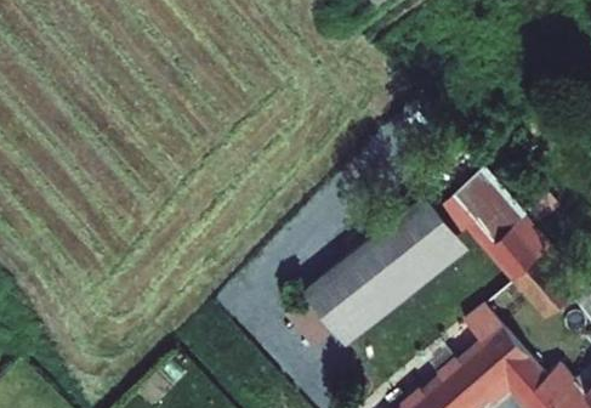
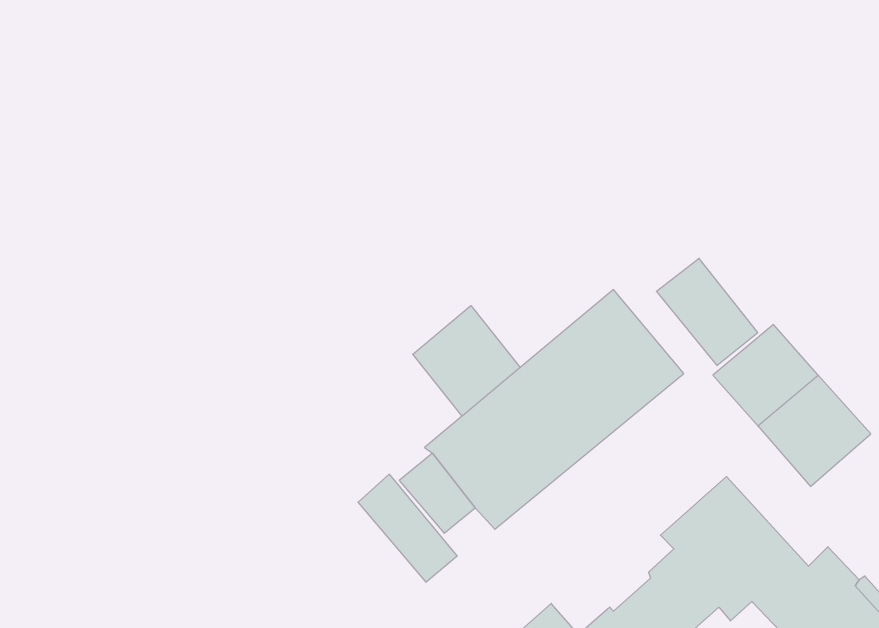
building: none -> [413,306,520,416]
building: none -> [358,474,457,582]

